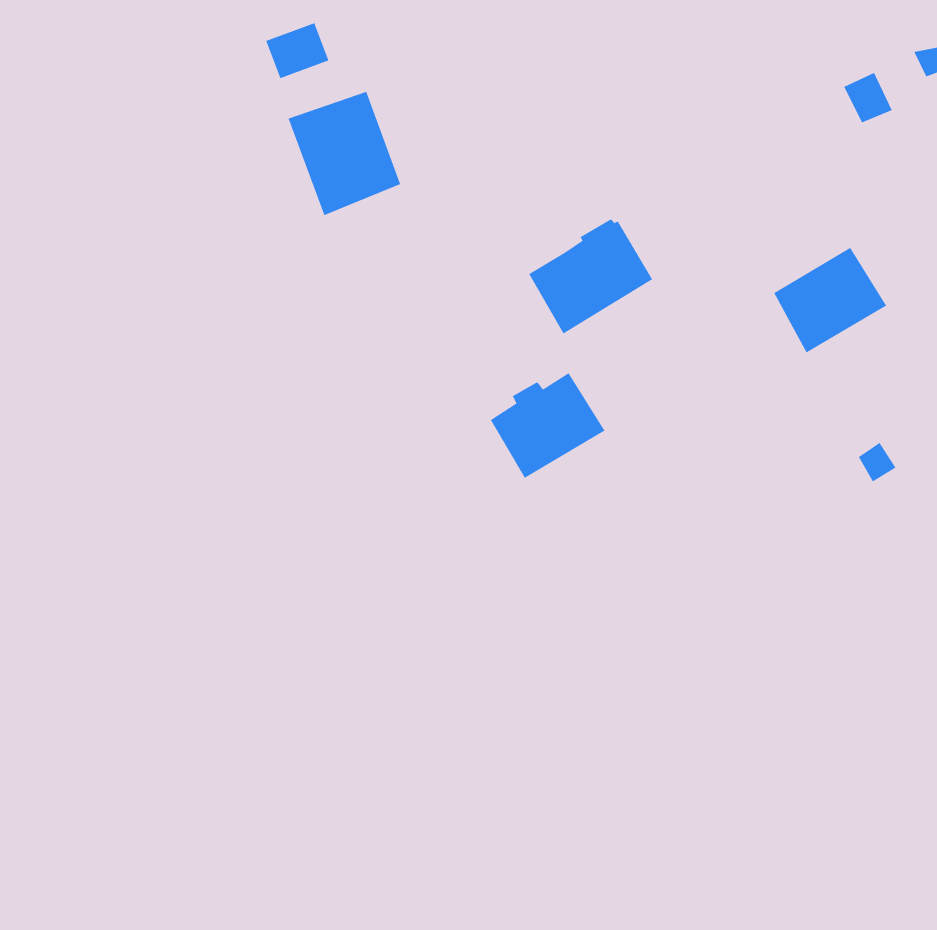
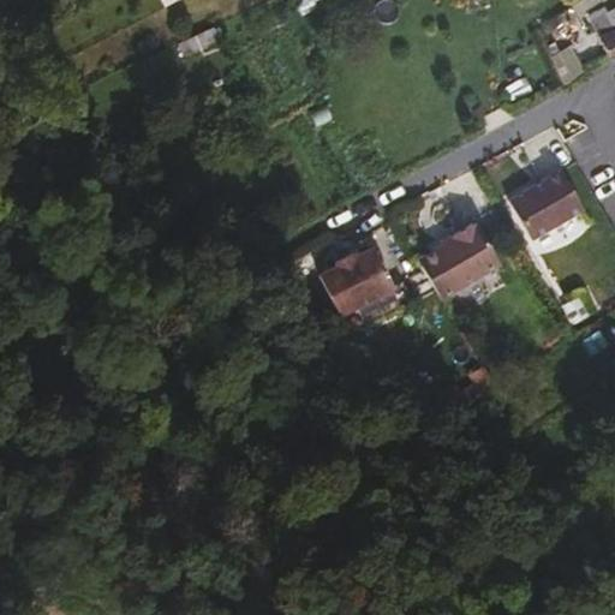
building: [288,91,401,216] -> none
building: [528,219,653,335] -> [419,223,501,299]

